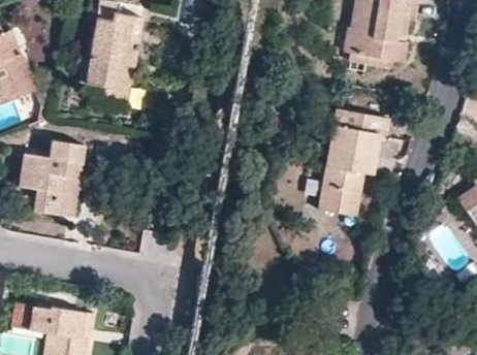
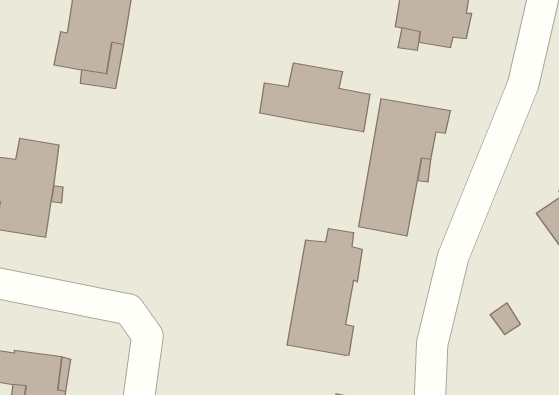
building: none -> [260,63,370,132]
building: none -> [287,228,362,356]

